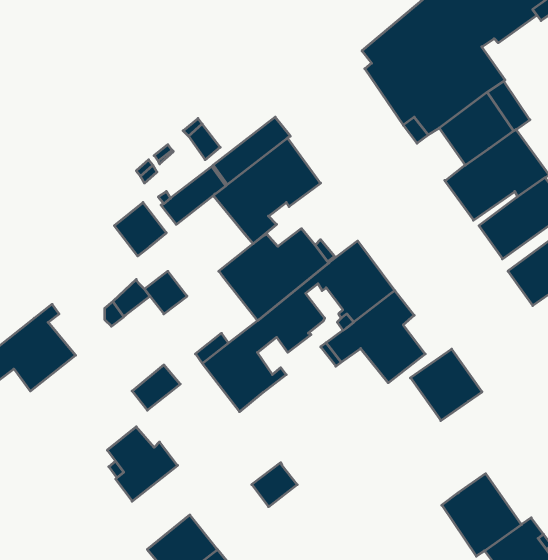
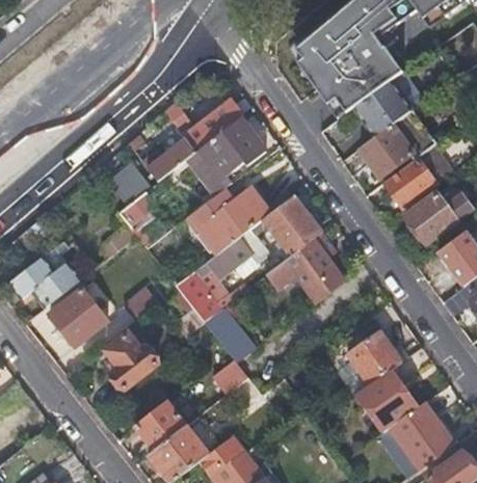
building: [410,349,482,421] -> [346,329,400,383]
building: none -> [50,288,107,346]
building: none -> [204,307,255,363]

